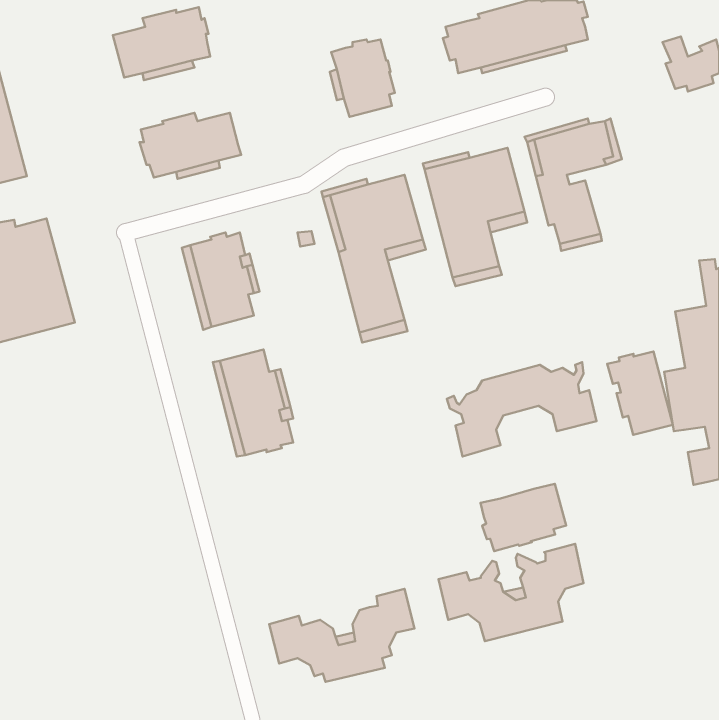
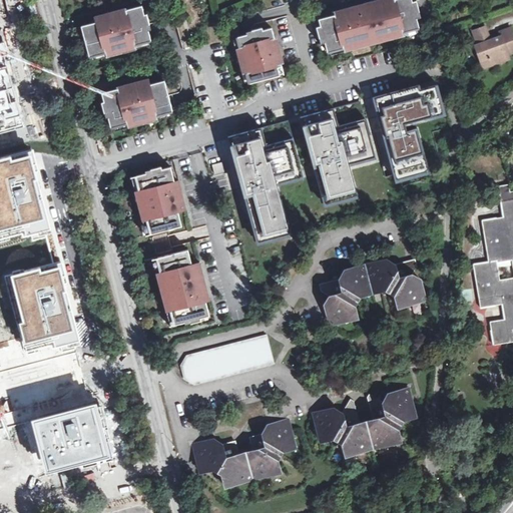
building: [607,351,673,435] -> none
building: none -> [12,267,79,355]
building: none -> [179,335,274,384]
building: [481,484,566,551] -> none
building: none -> [32,406,108,477]

